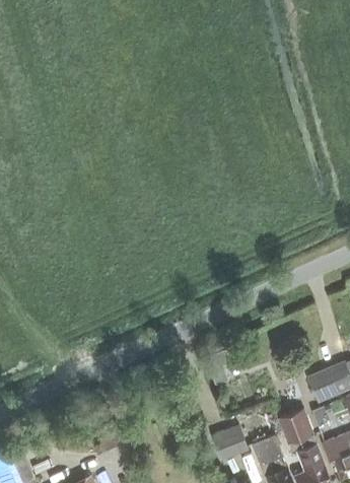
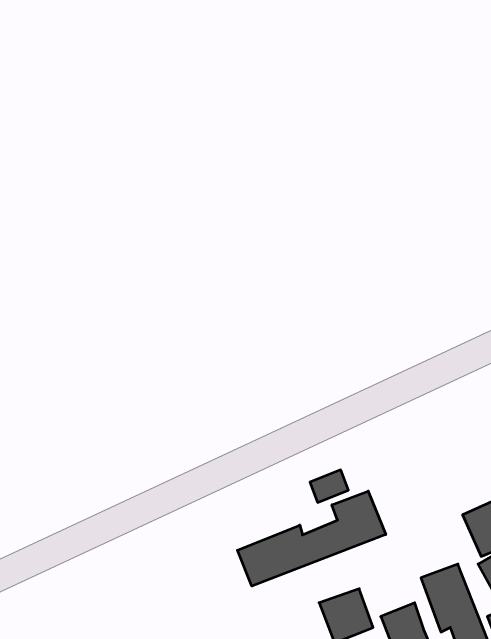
building: none -> [237,491,386,586]

